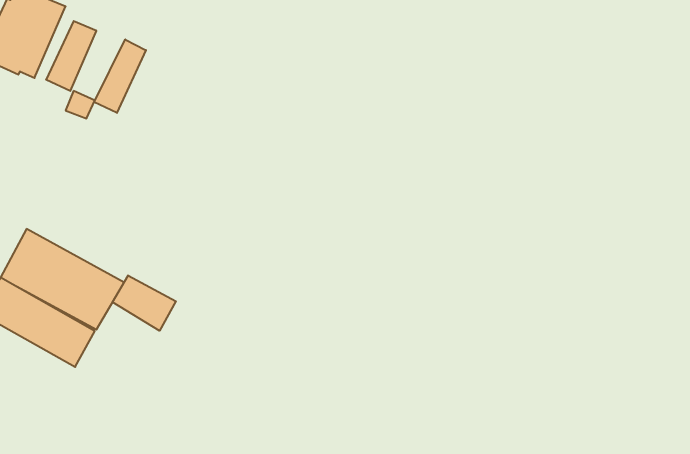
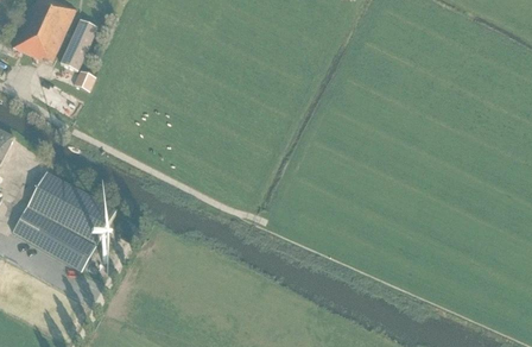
building: [94,39,146,113] -> none
building: [113,275,176,331] -> none

